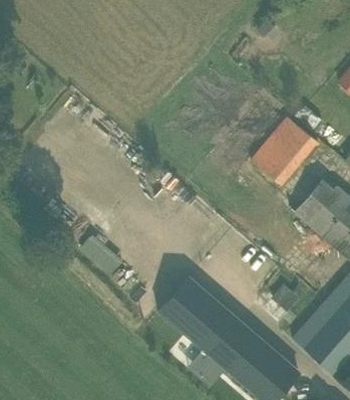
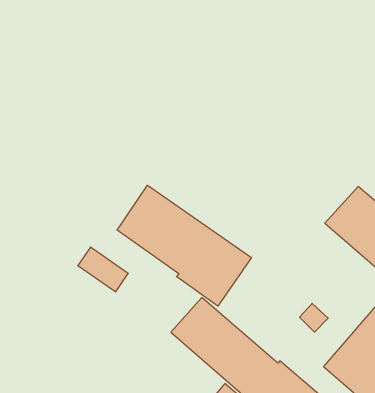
building: [251,118,319,188] -> none
building: none -> [117,185,252,306]

